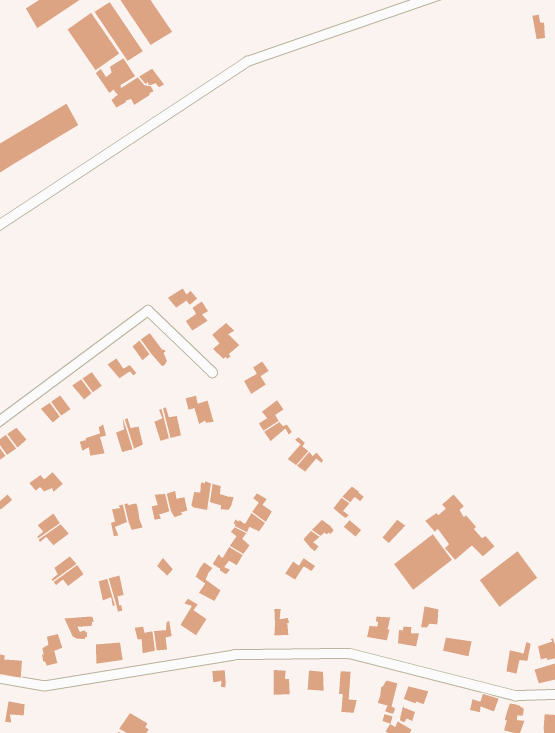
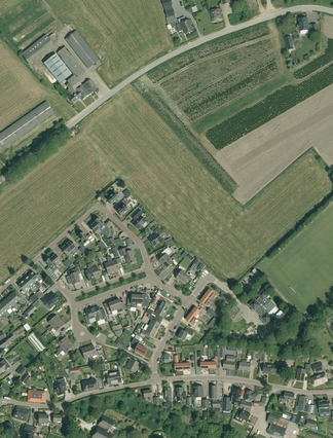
building: [393,533,453,591] -> none
building: [479,550,538,608] -> none

